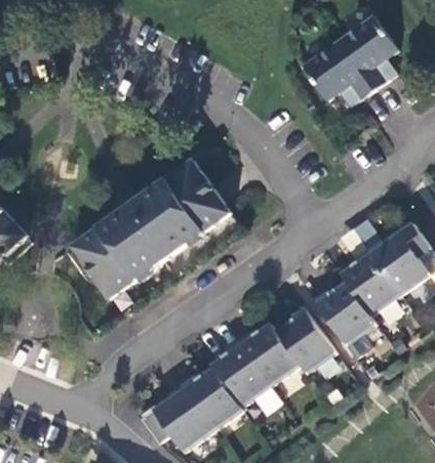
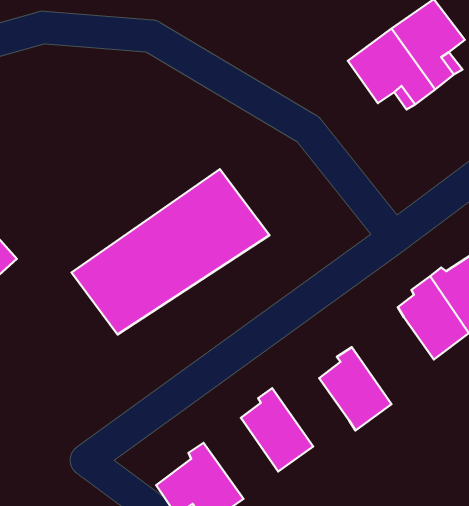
building: [312,283,374,345] -> none
building: [235,326,299,389] -> none
building: [179,369,241,432] -> none

